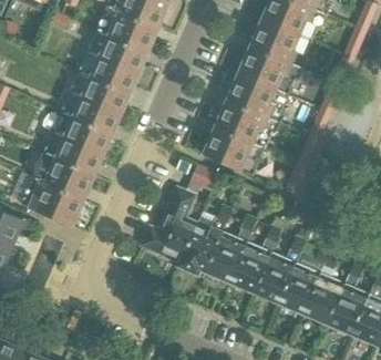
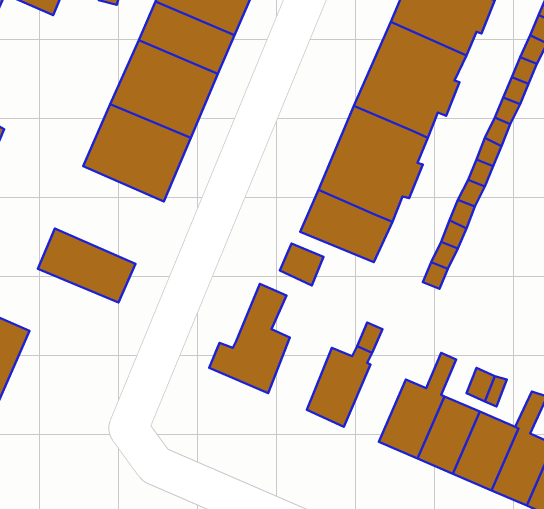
building: [41,111,113,175] -> none
building: [20,178,83,226] -> none
building: [179,196,235,274] -> none
building: [231,216,285,292] -> none

